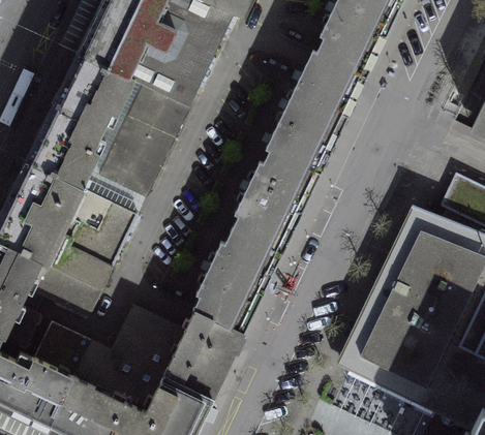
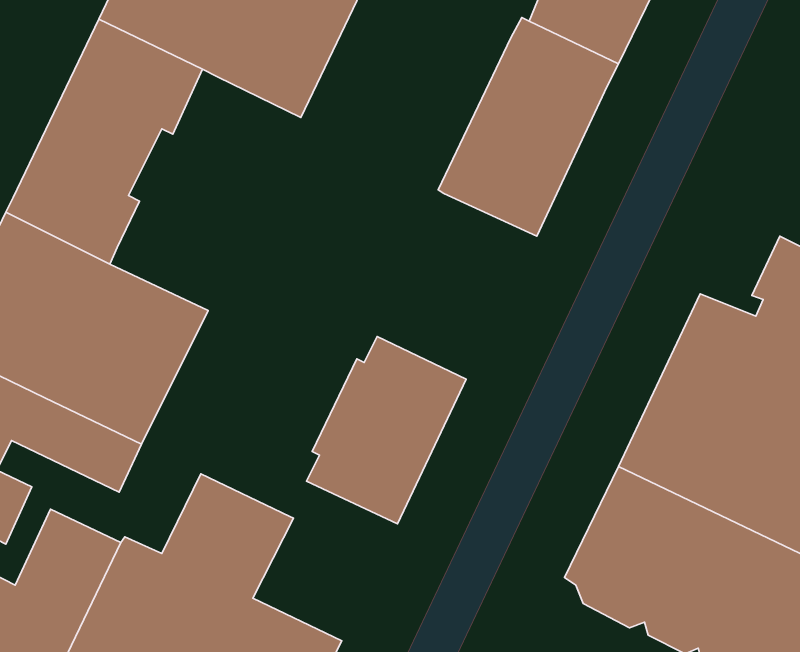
building: [101,82,190,193] -> none
building: [233,147,322,250] -> none
building: [163,307,244,396] -> none

